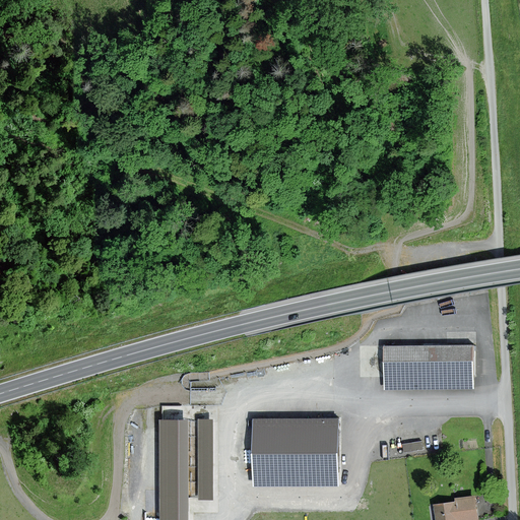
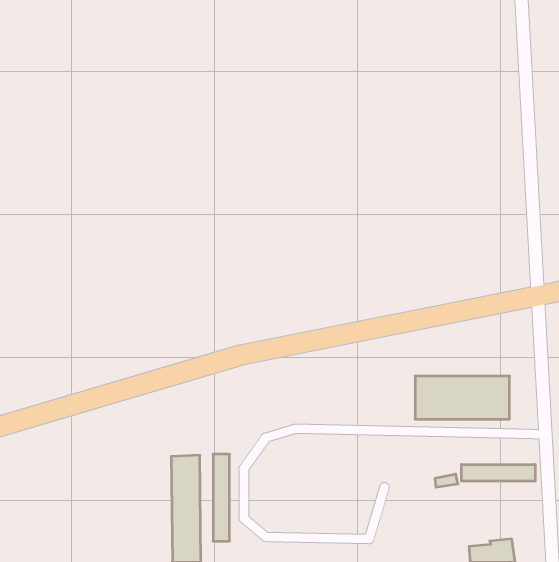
building: [254,419,336,484] -> none
building: none -> [461,464,535,481]

